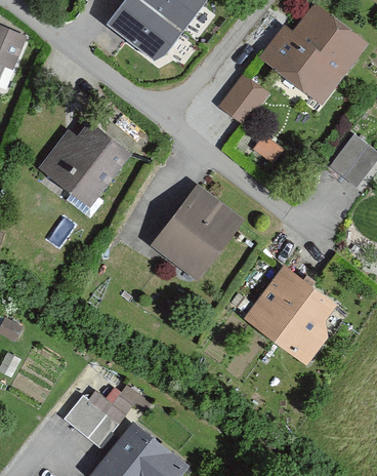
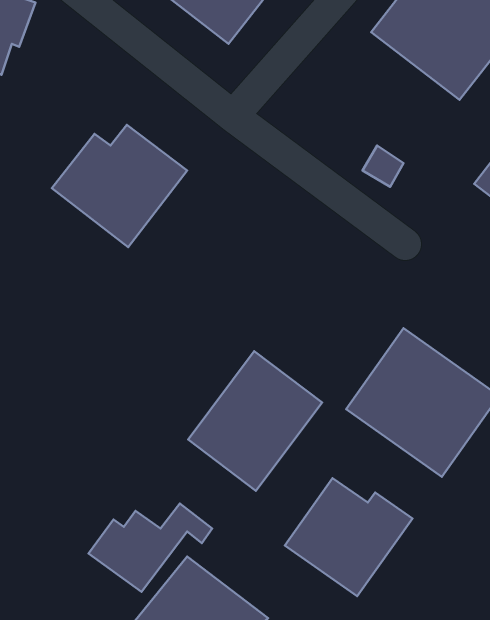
building: [218,75,268,125] -> none
building: [150,184,243,281] -> [188,351,322,491]
building: none -> [285,478,412,596]

